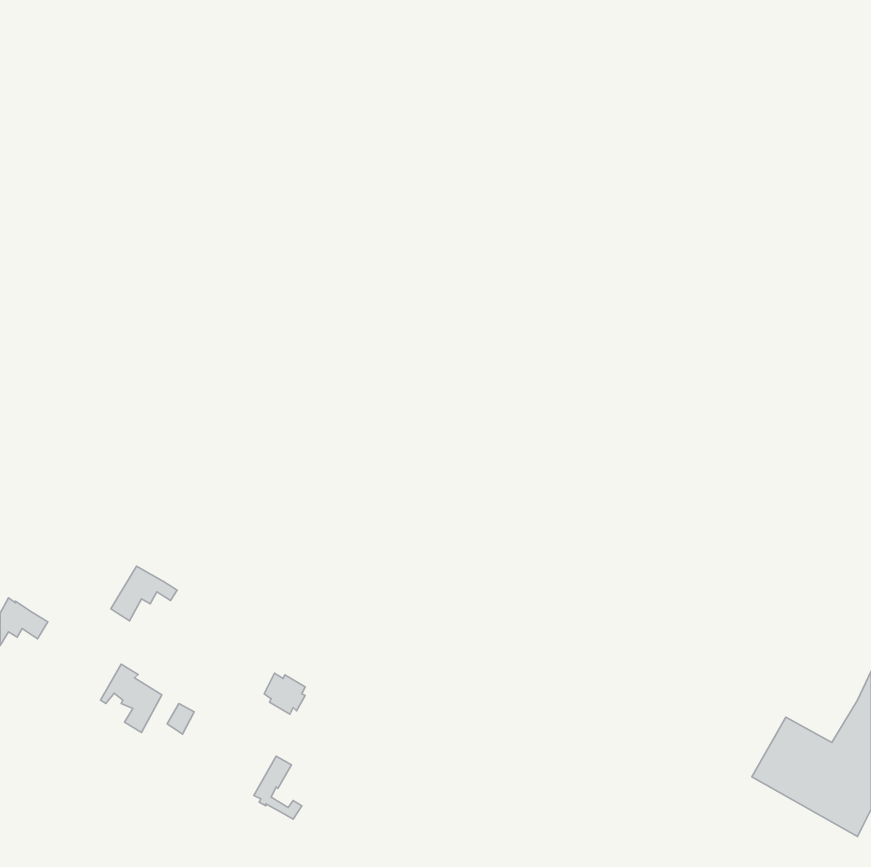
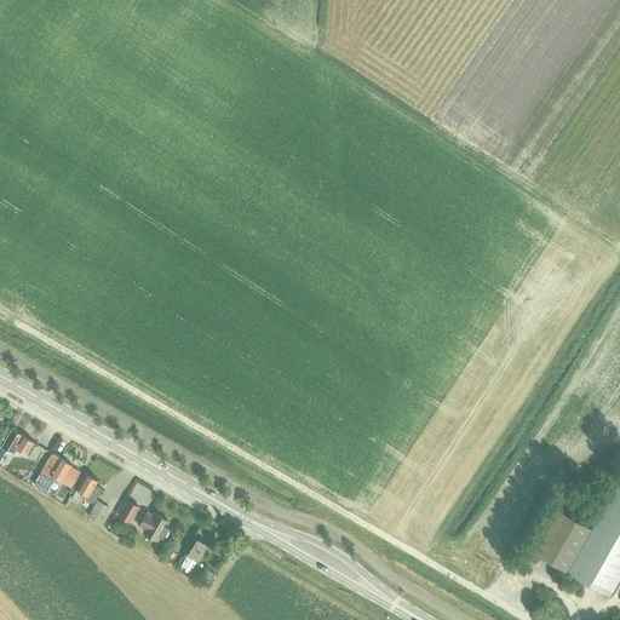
building: [111,566,177,621] -> [34,455,81,494]
building: [264,673,305,714] -> [139,513,168,542]

